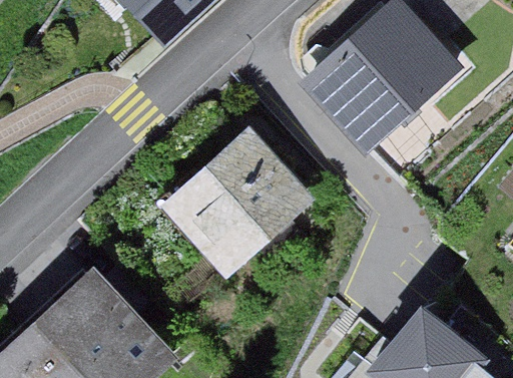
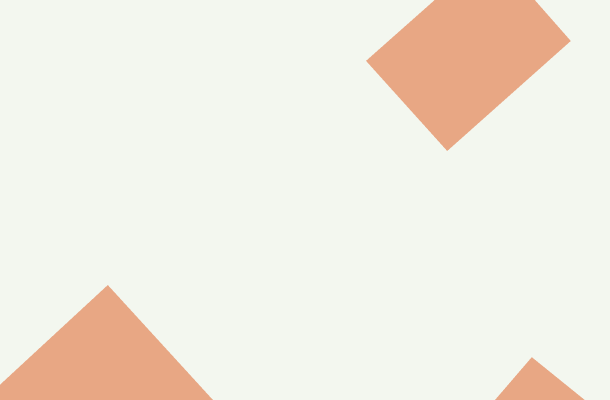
building: [159,126,315,279] -> none

